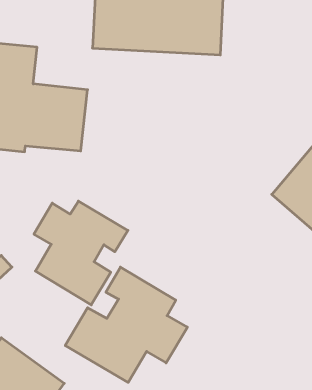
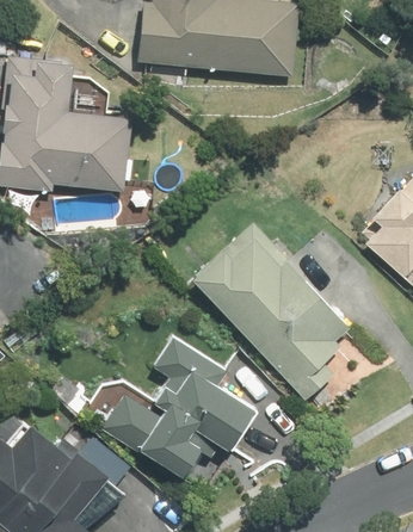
building: none -> [191,222,352,403]
building: [34,201,128,305] -> none

